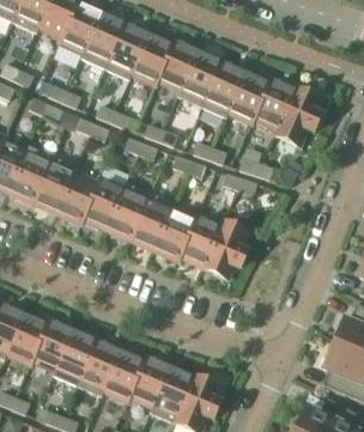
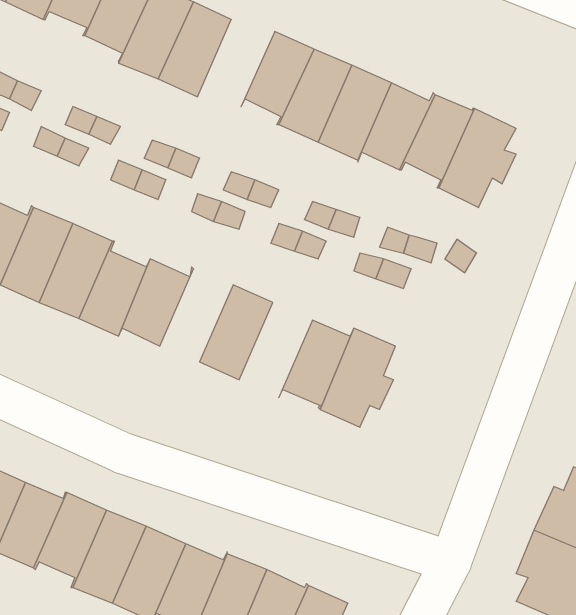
building: [128,32,175,85] -> none
building: [105,183,150,239] -> none
building: [153,203,198,261] -> none

